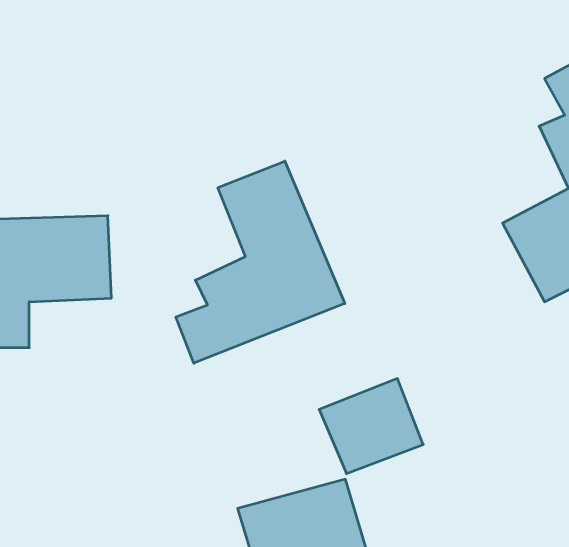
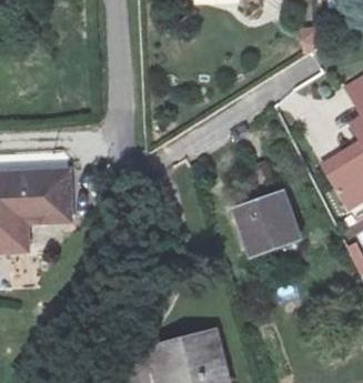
building: [176,161,345,363] -> none
building: [319,379,423,474] -> [240,188,303,245]

